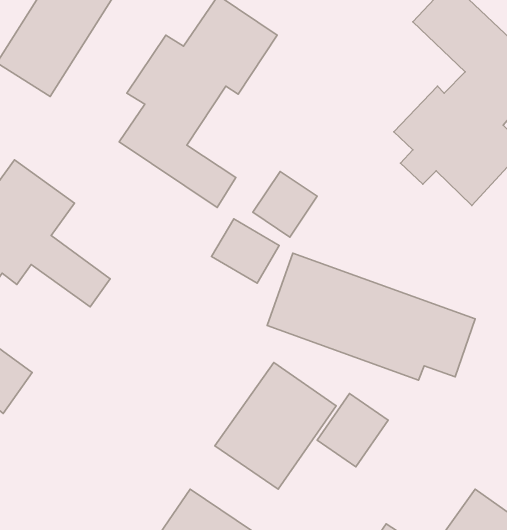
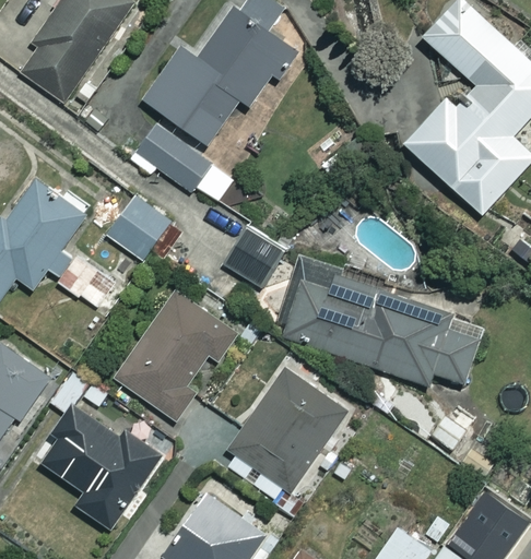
building: [253,171,317,237] -> none
building: none -> [107,197,170,261]
building: none -> [113,290,237,421]
building: [317,393,388,467] -> none
building: none -> [40,402,167,528]

